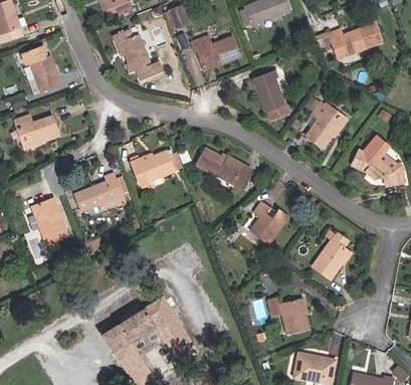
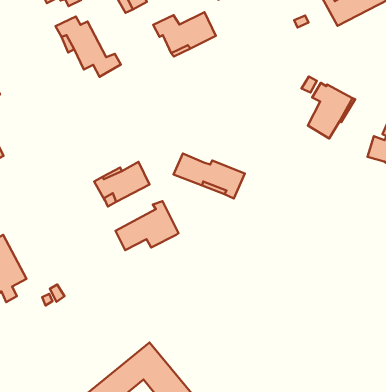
building: [253,70,288,121] -> none
building: [74,175,125,211] -> [116,201,178,250]
building: [250,201,288,244] -> none
building: [313,229,350,278] -> none
building: [268,298,309,334] -> none

